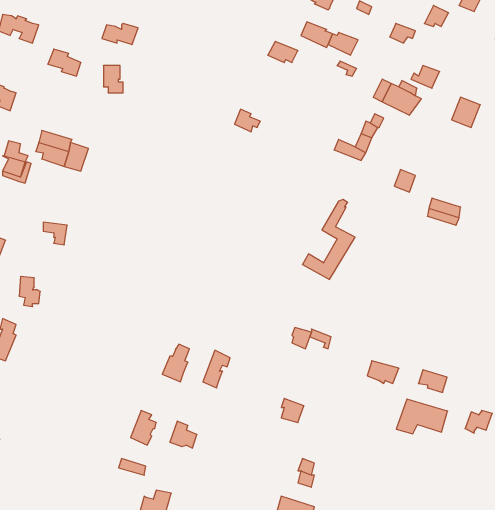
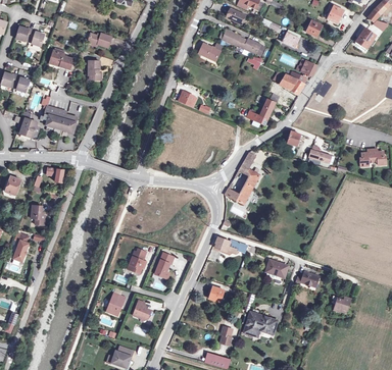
building: [396,399,448,434] -> [243,310,278,333]

